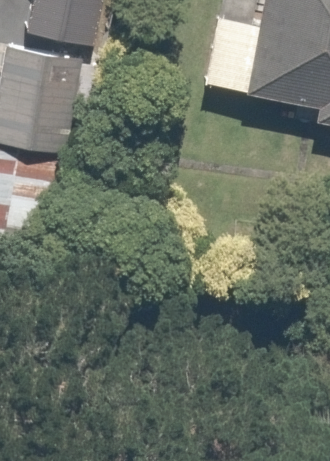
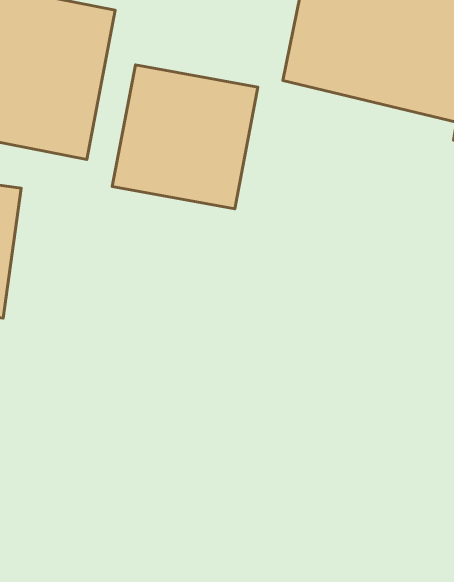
building: none -> [112,65,258,209]

